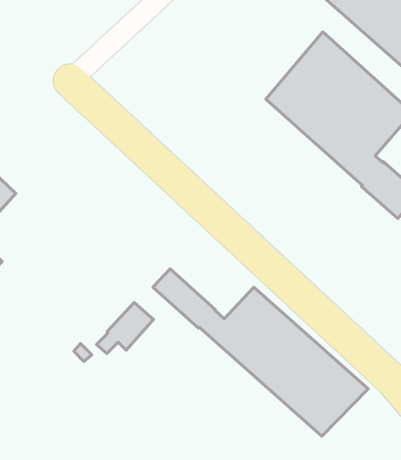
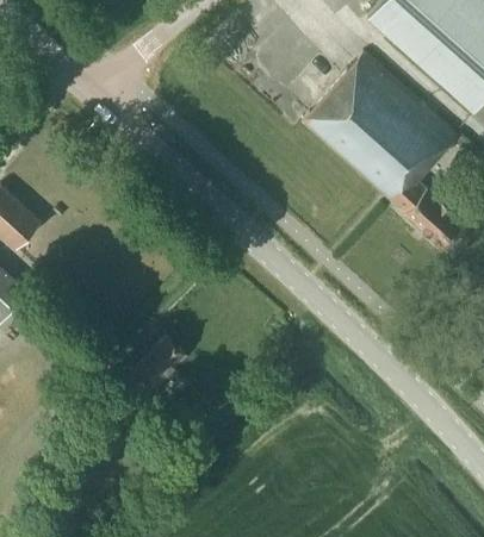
building: [153,269,368,436] -> none

